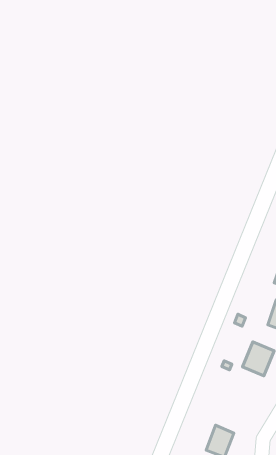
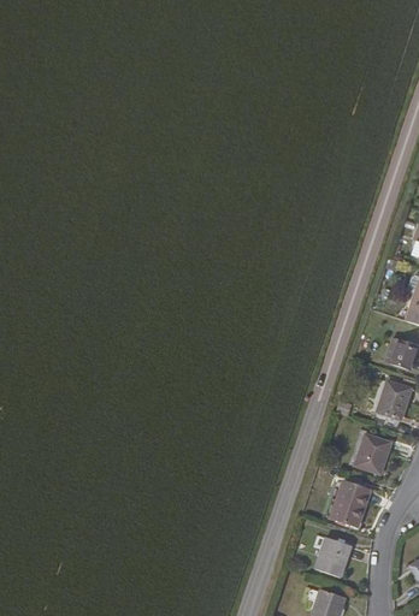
building: none -> [332,479,368,520]

